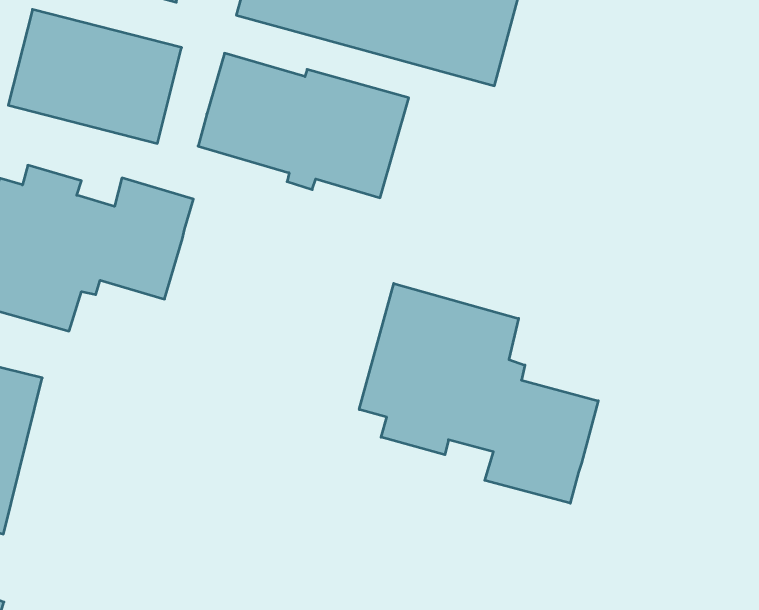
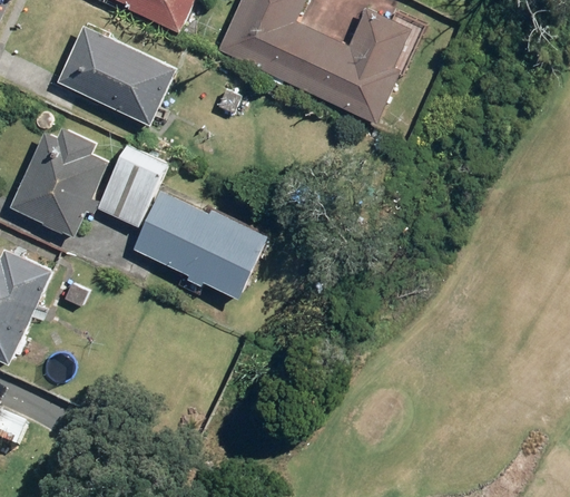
building: [198,53,409,198] -> [130,189,273,300]
building: [359,283,598,503] -> none

